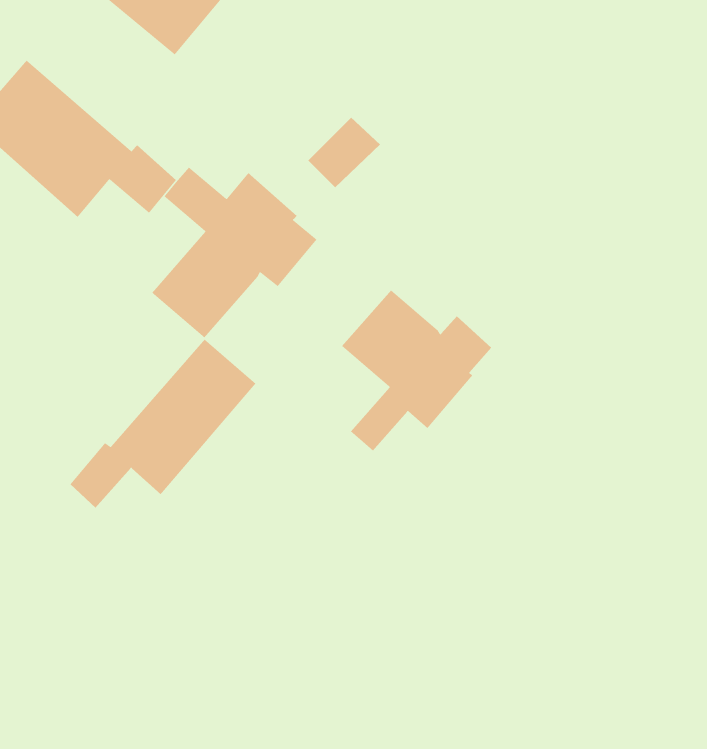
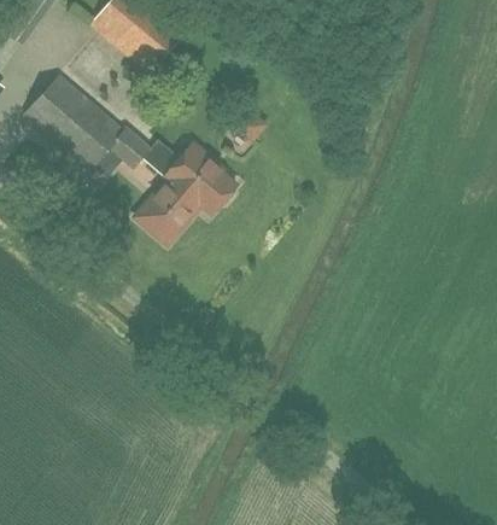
building: [341,289,492,451] -> none
building: [70,338,257,508] -> none

